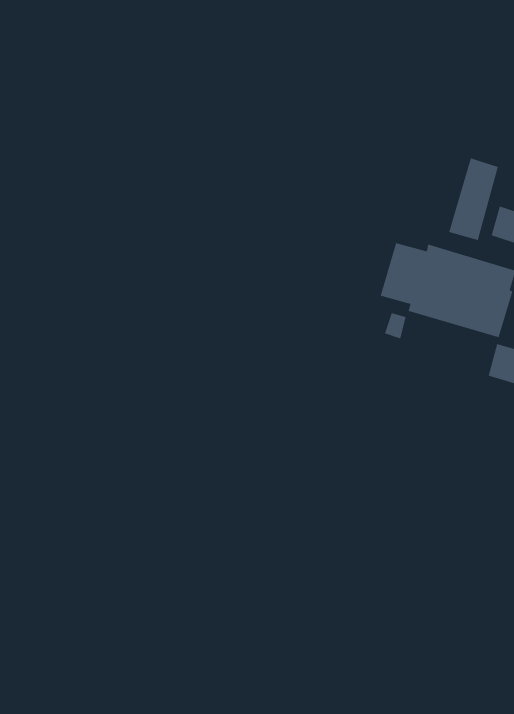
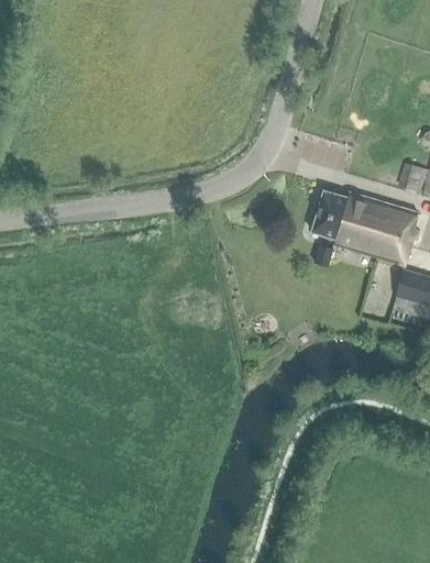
building: [449,157,498,241] -> none

